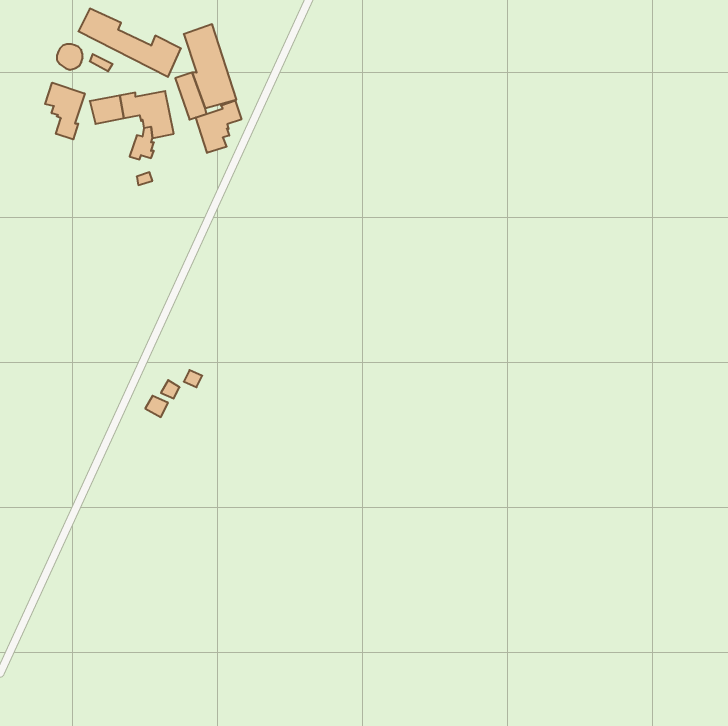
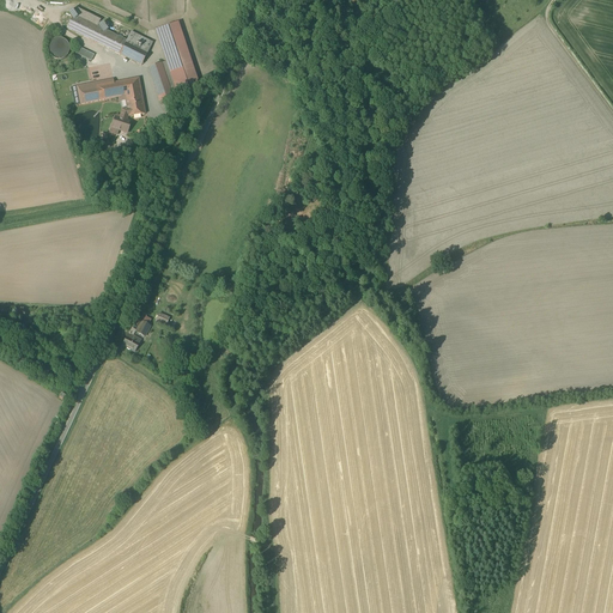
building: [45,83,85,139] -> none
building: [196,101,241,153] -> none

